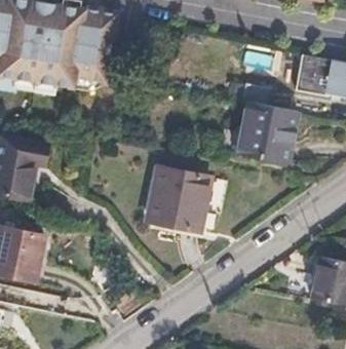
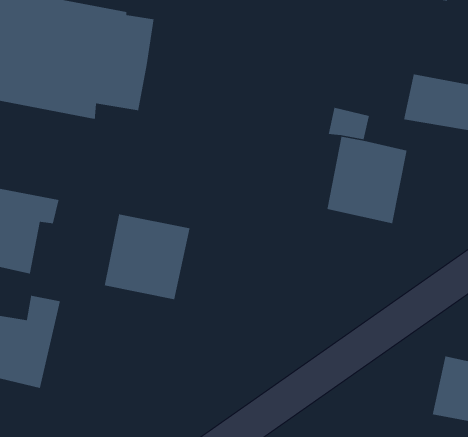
building: [148,165,209,227] -> [104,213,191,300]

